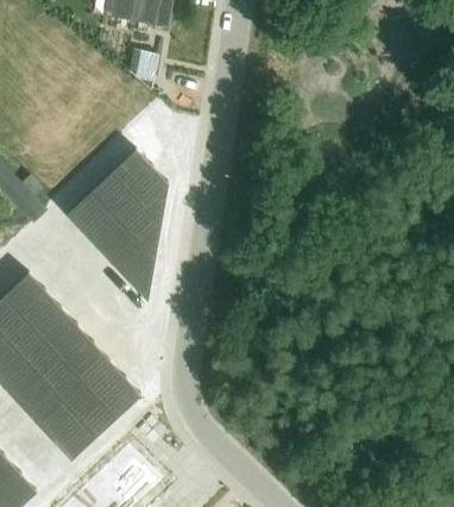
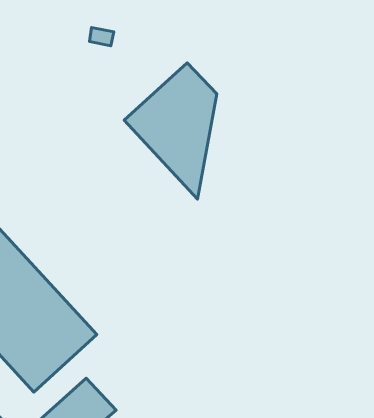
building: [64,150,168,302] -> [124,63,217,199]

